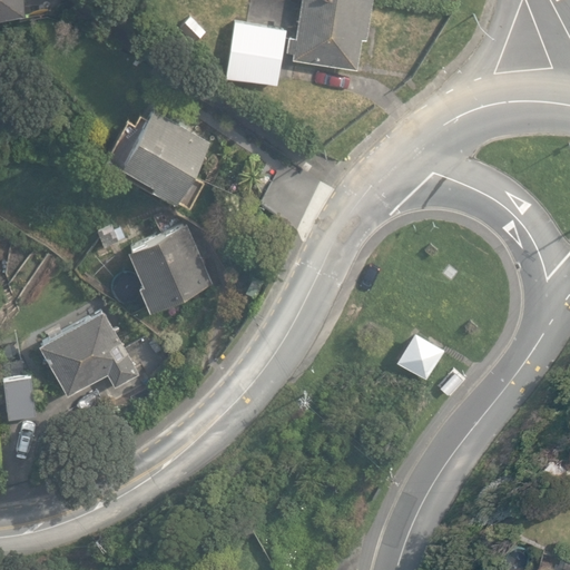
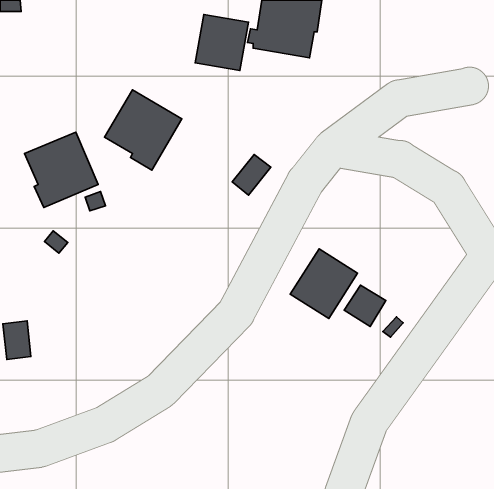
building: [127,224,212,311] -> [25,132,98,208]
building: none -> [290,249,358,318]
building: [39,308,139,396] -> none

